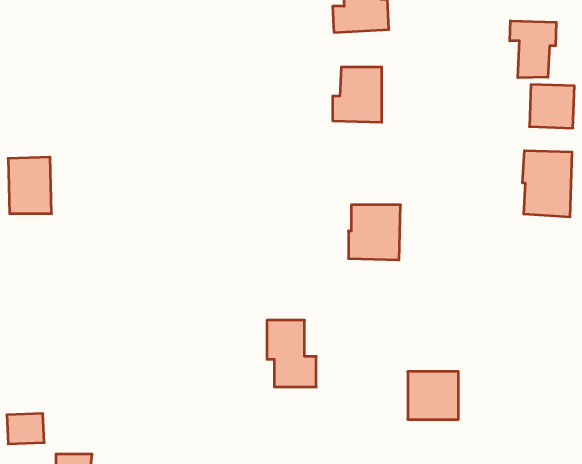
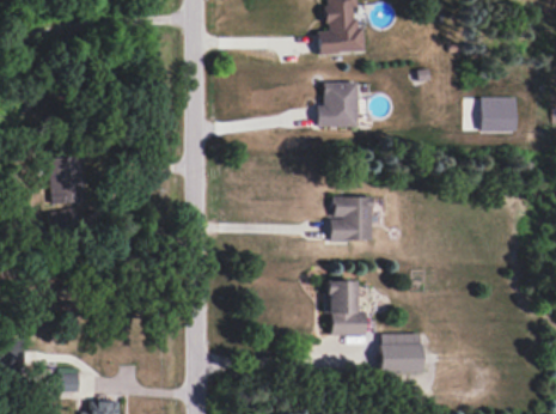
building: [510,21,556,78] -> none
building: [523,151,572,217] -> none
building: [267,320,316,387] -> [325,281,366,336]

